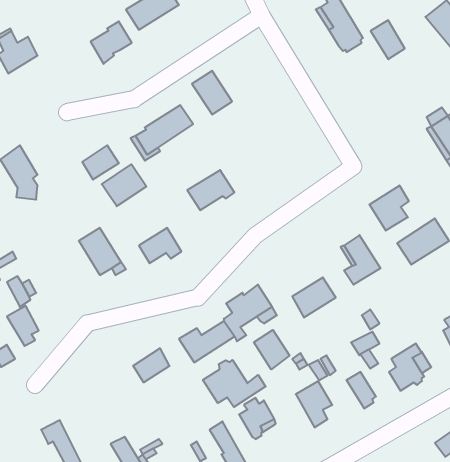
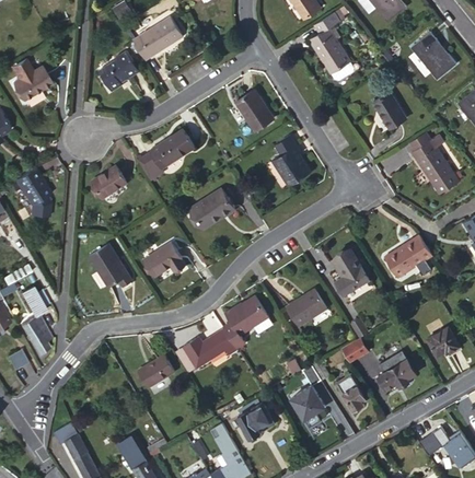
building: [371,20,405,59] -> [373,92,405,128]
building: [192,71,232,114] -> [235,90,273,130]
building: none -> [273,135,311,186]
building: [102,164,146,206] -> none
building: [369,185,409,231] -> none
building: [254,330,289,369] -> none
building: [203,360,266,407] -> none

